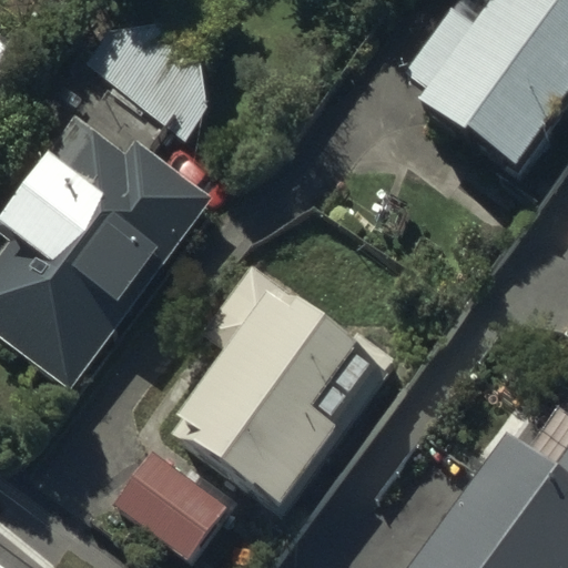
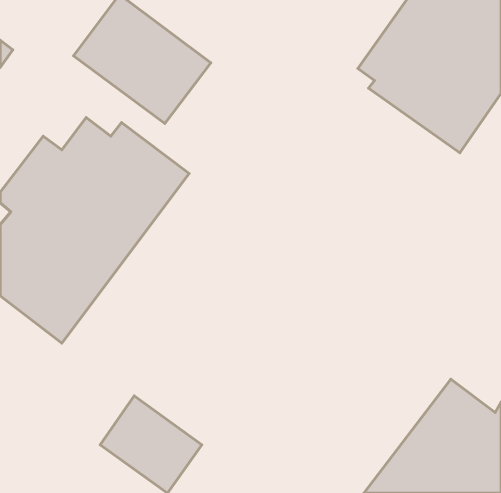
building: [176,264,361,513] -> none

